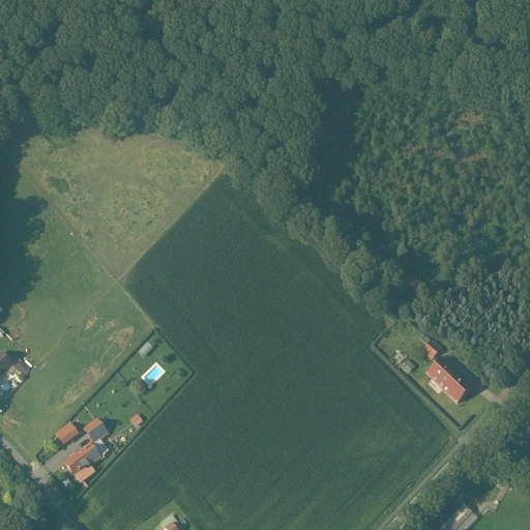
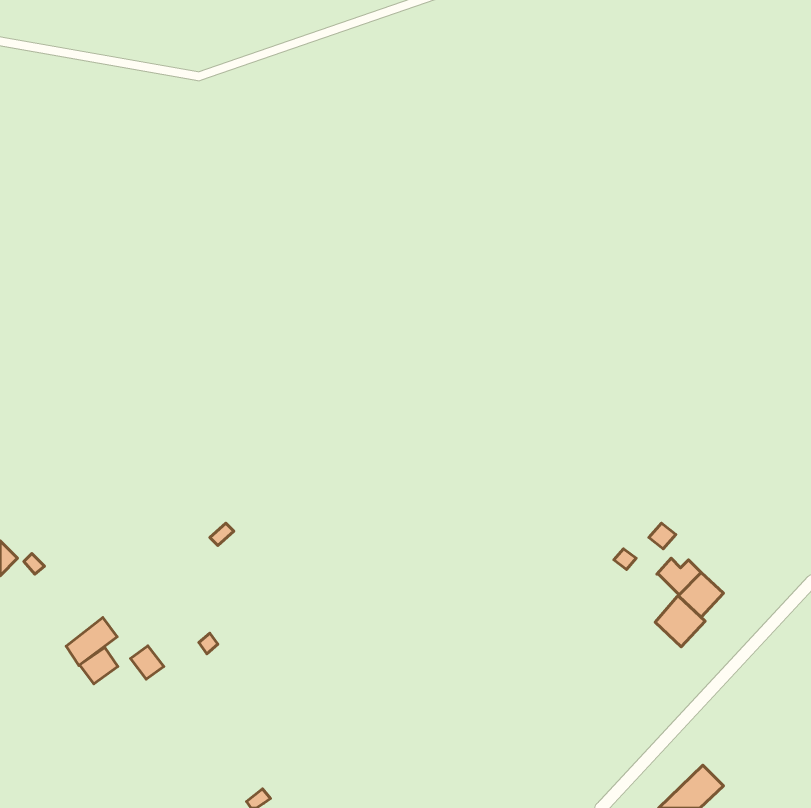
building: none -> [655,596,705,647]
building: [67,444,100,475] -> [66,618,117,665]

